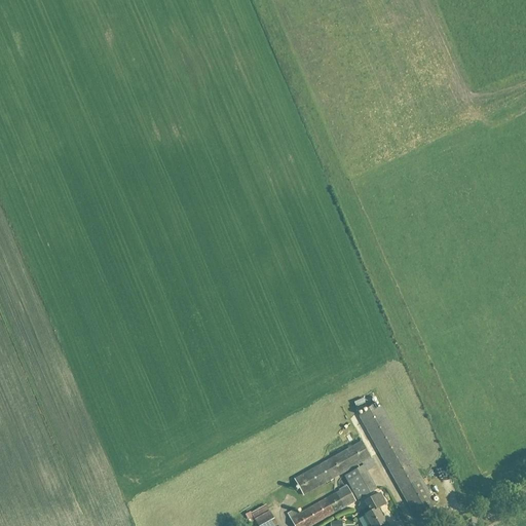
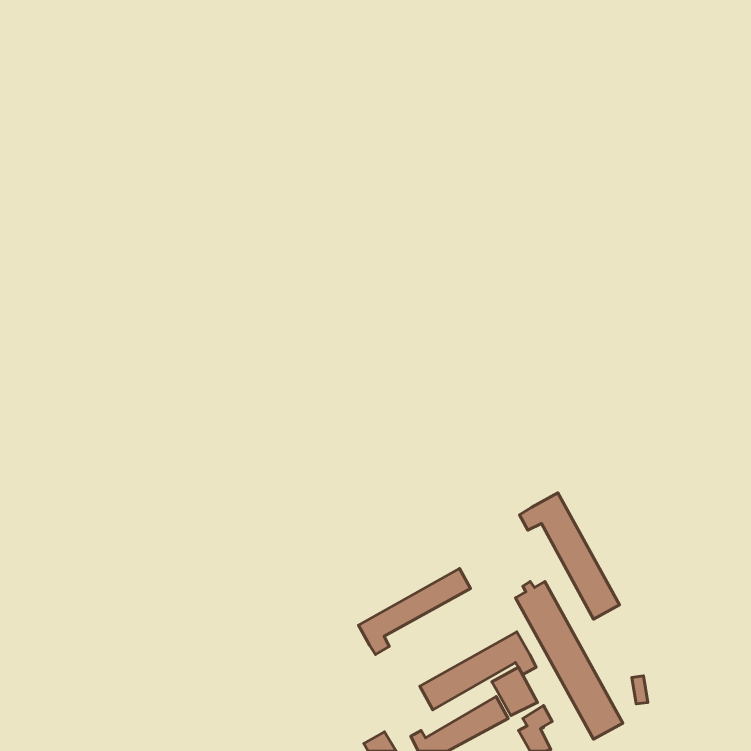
building: none -> [519,493,620,619]
building: none -> [358,569,471,654]

